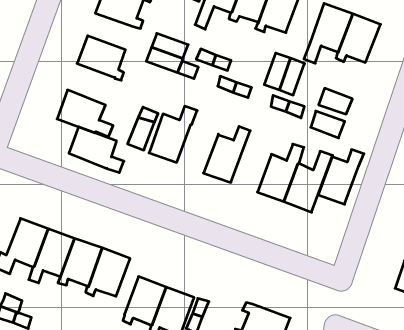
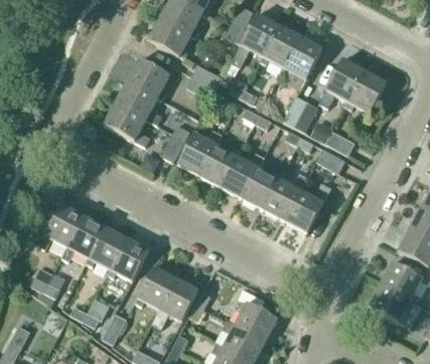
building: none -> [199,145,240,187]
building: [69,127,124,173] -> [116,80,161,124]
building: [318,150,364,204] -> [243,164,286,209]

